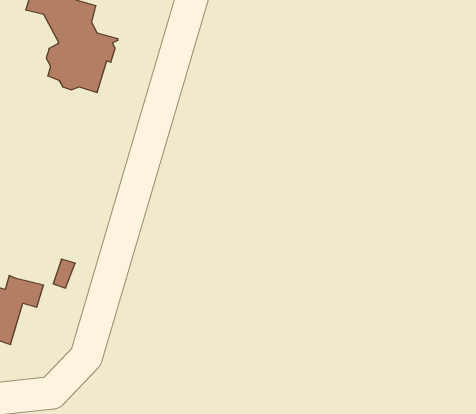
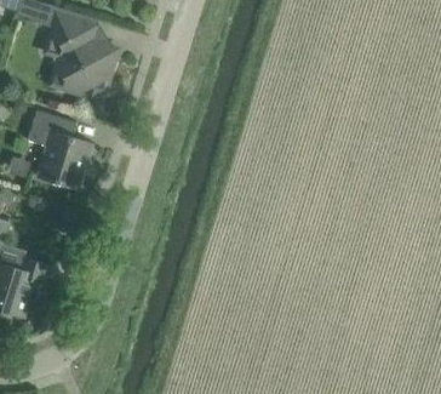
building: none -> [28,110,92,189]

